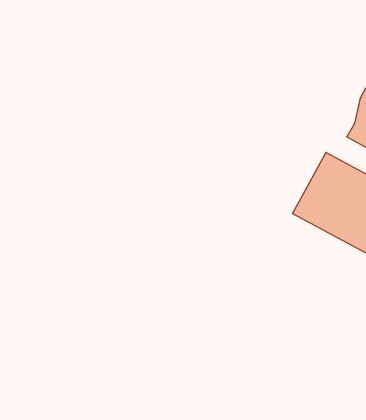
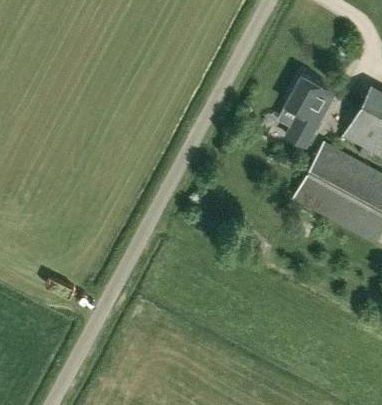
building: none -> [285,77,334,149]

